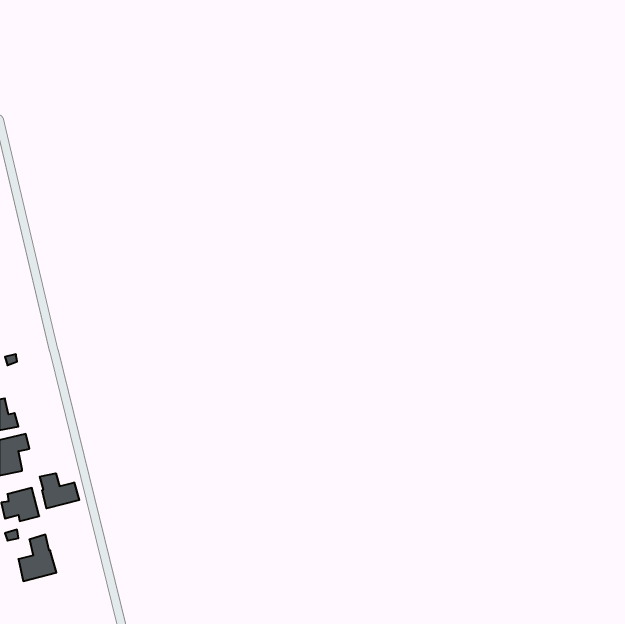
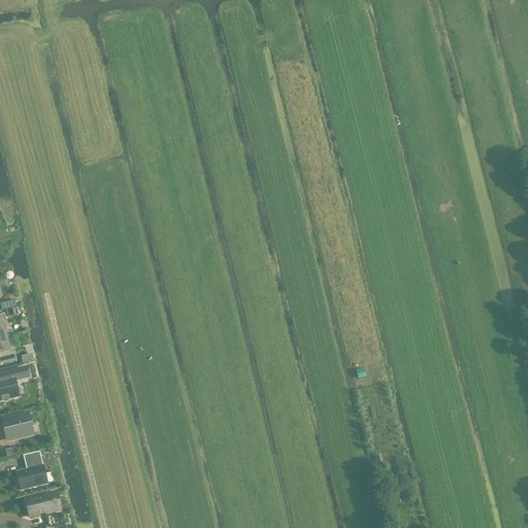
building: [40,473,79,508] -> none
building: none -> [26,491,61,515]

